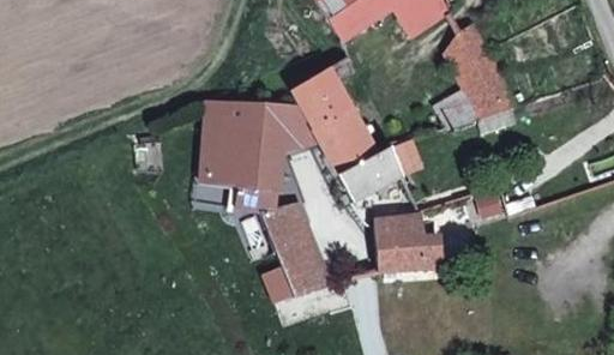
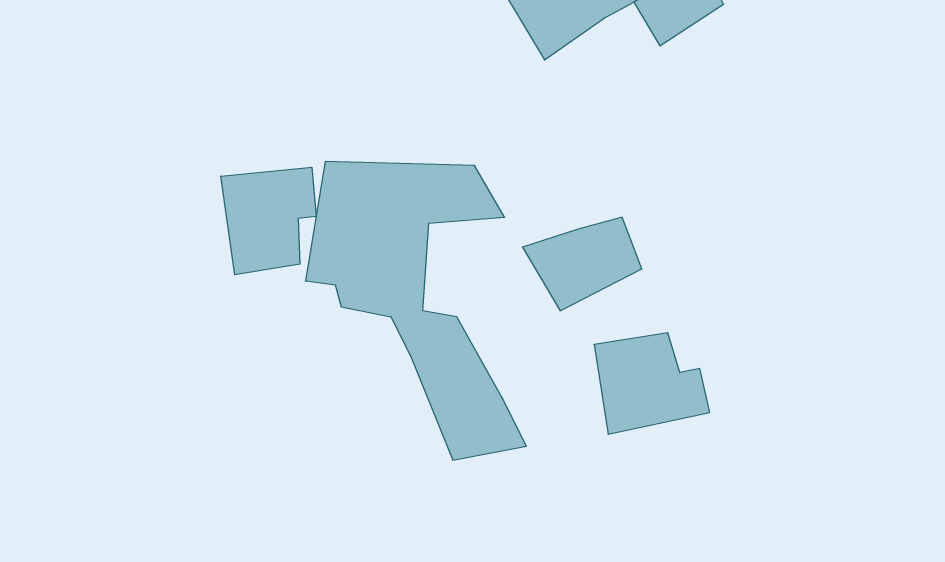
building: [446,18,518,121] -> none
building: [289,55,374,158] -> none
building: none -> [221,167,316,275]

